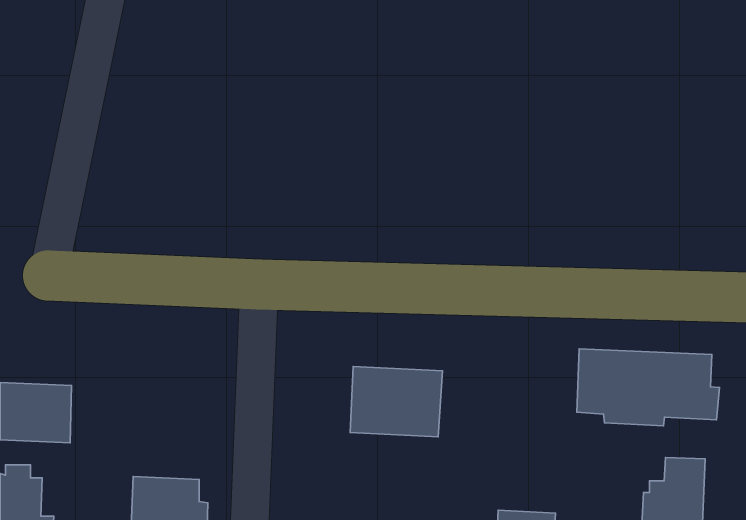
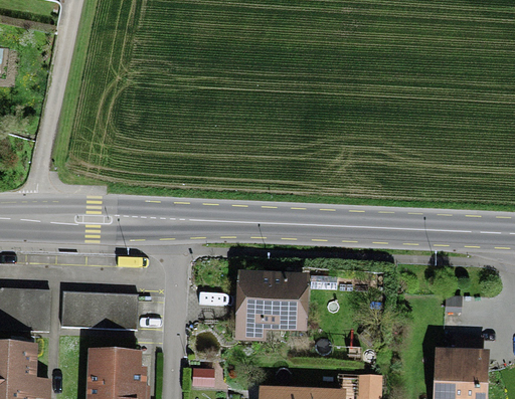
building: [577,349,719,426] -> none
building: none -> [61,289,139,329]

